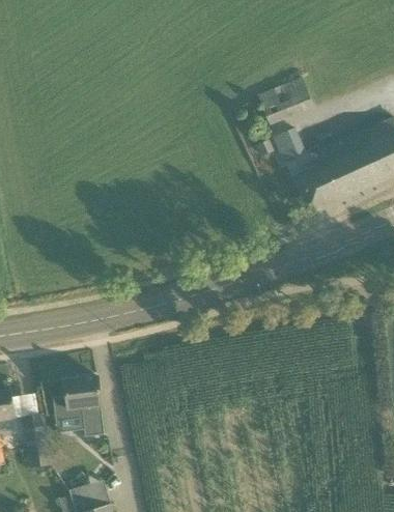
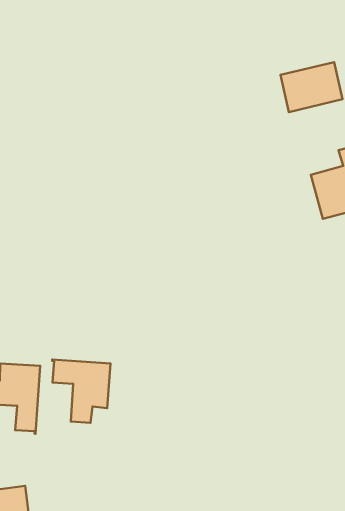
building: [273,130,304,162] -> none
building: none -> [52,360,110,423]

